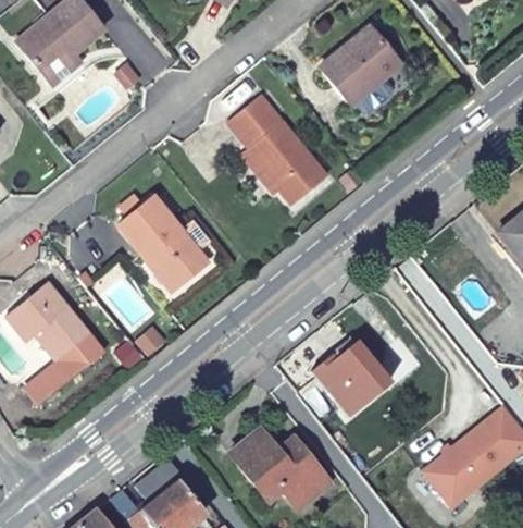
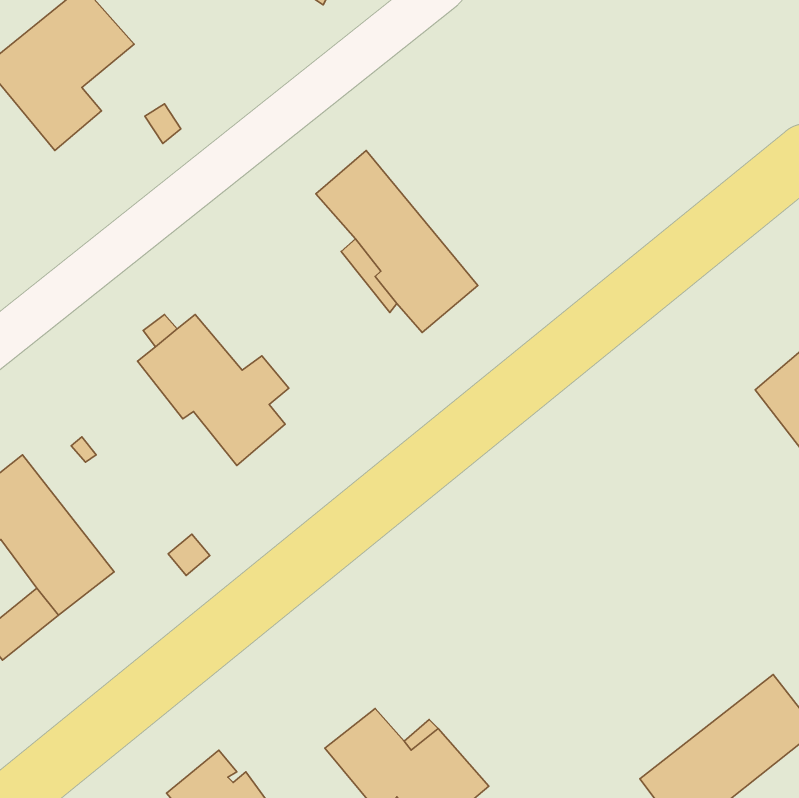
building: [320,25,399,111] -> none
building: [313,343,393,417] -> none

